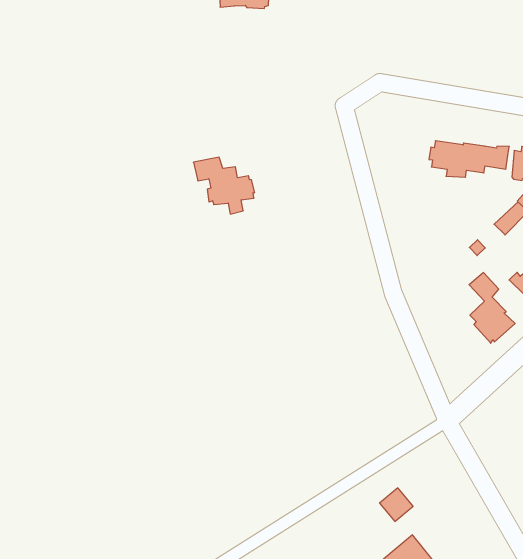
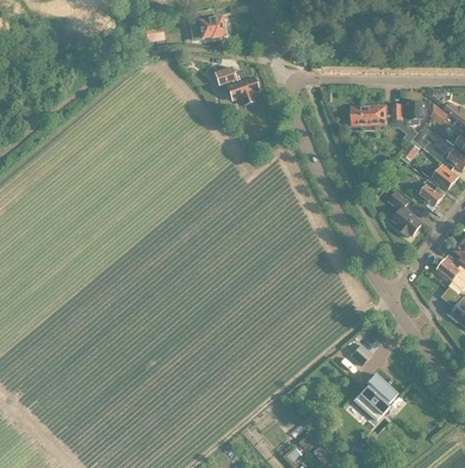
building: [193,157,255,214] -> [213,66,258,103]

